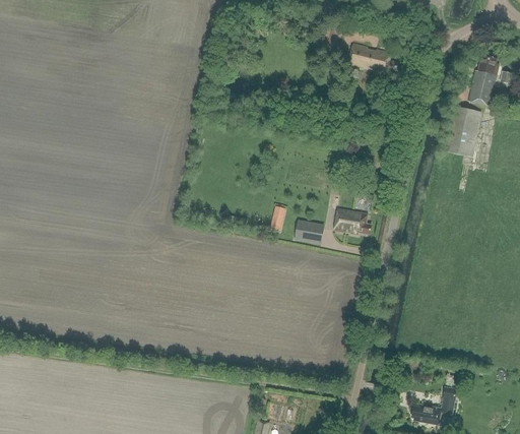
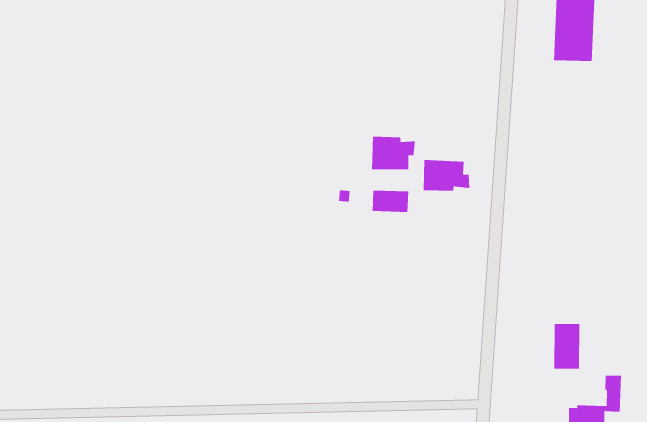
building: none -> [372,136,415,170]
building: none -> [554,323,580,370]

